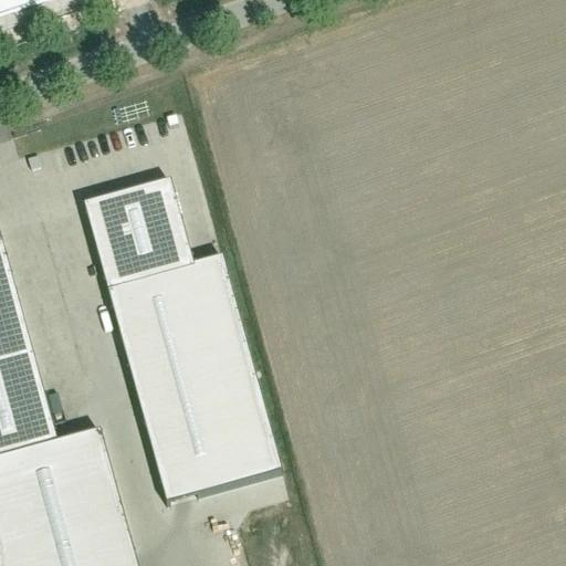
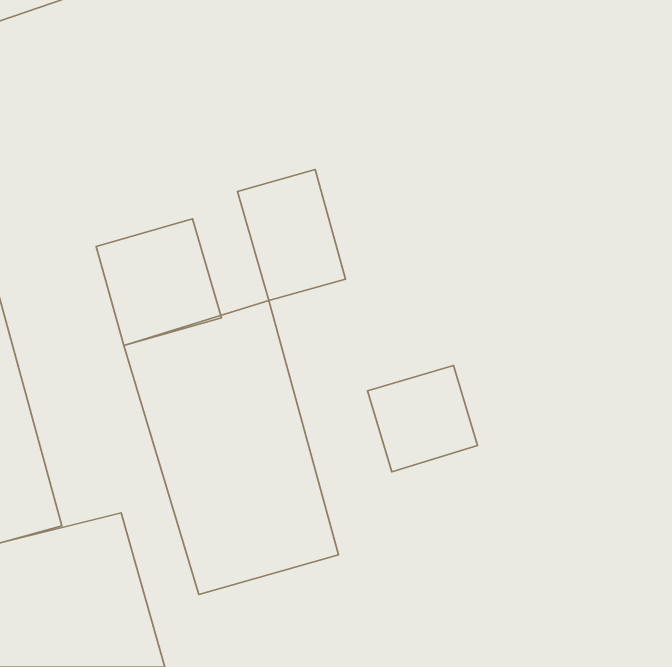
building: none -> [238,169,346,301]
building: none -> [368,366,477,472]

